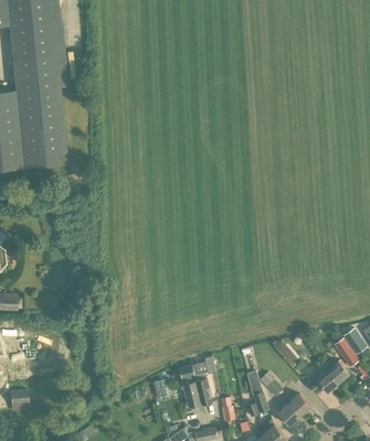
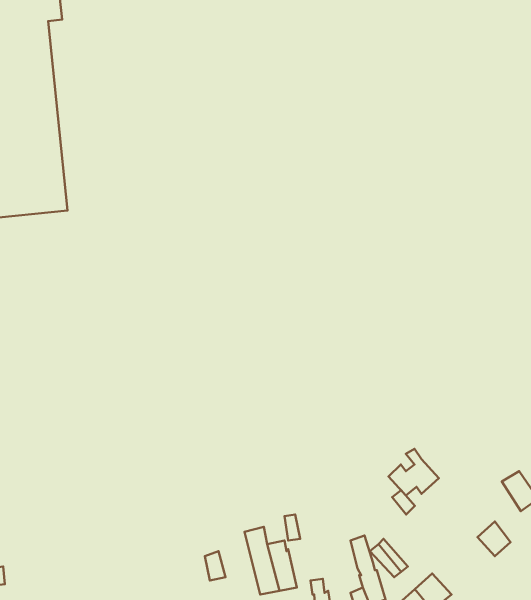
building: [307,364,339,394] -> [389,449,439,496]

